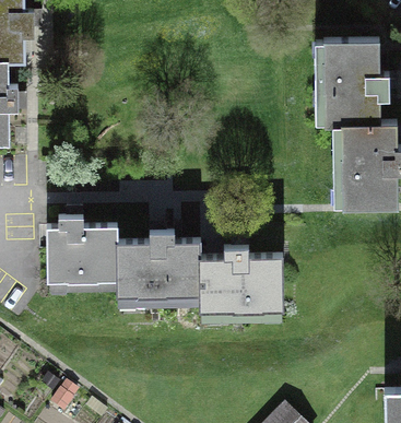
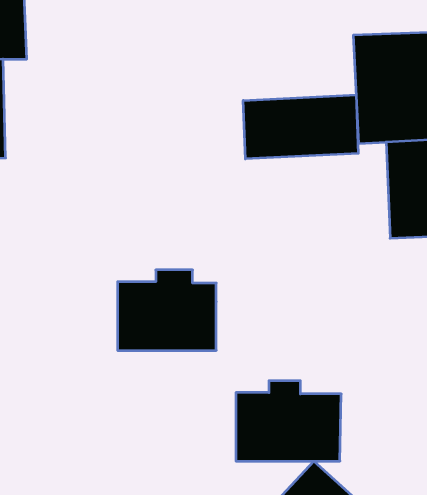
building: none -> [243,95,358,159]
building: [43,218,111,289] -> none
building: [193,250,281,317] -> [236,381,341,461]

